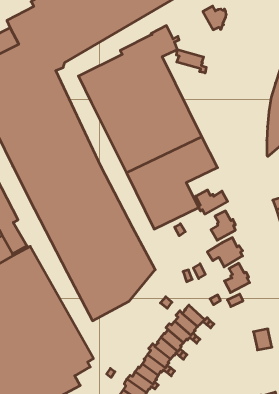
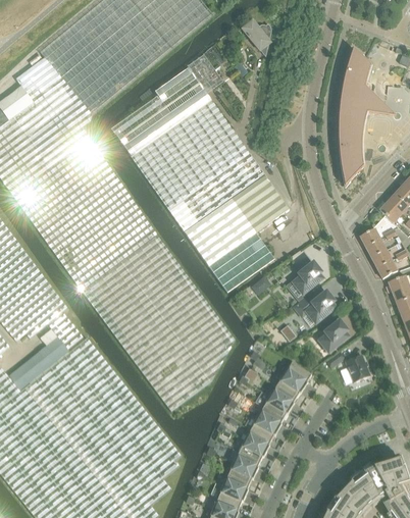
building: [176,49,206,73] -> none
building: [196,190,228,214] -> none
building: none -> [283,362,311,388]
building: [253,329,272,350] -> [346,355,370,381]

